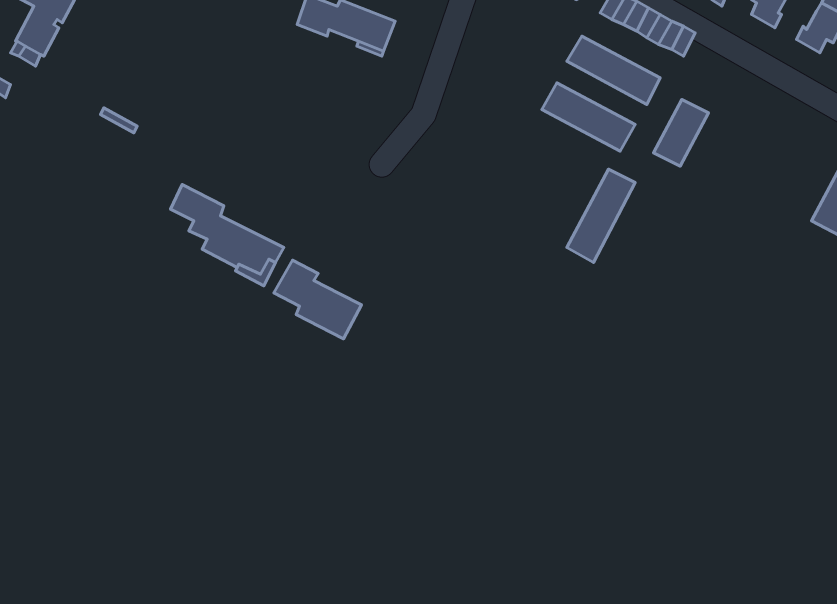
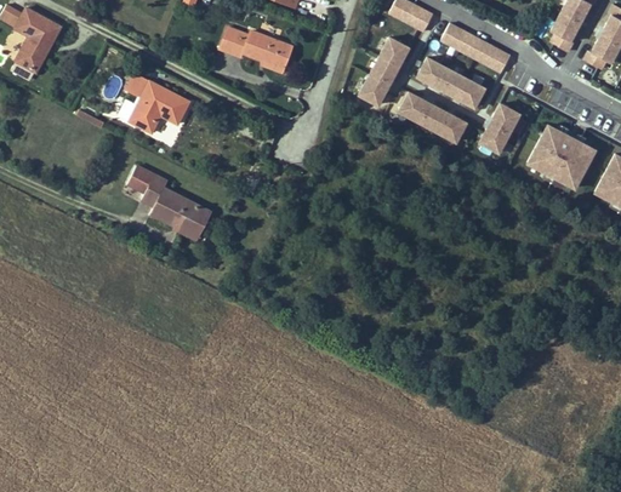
building: none -> [127,74,190,133]
building: none -> [528,125,596,188]
building: [567,169,635,262] -> [359,38,409,105]
building: [274,260,361,339] -> none

